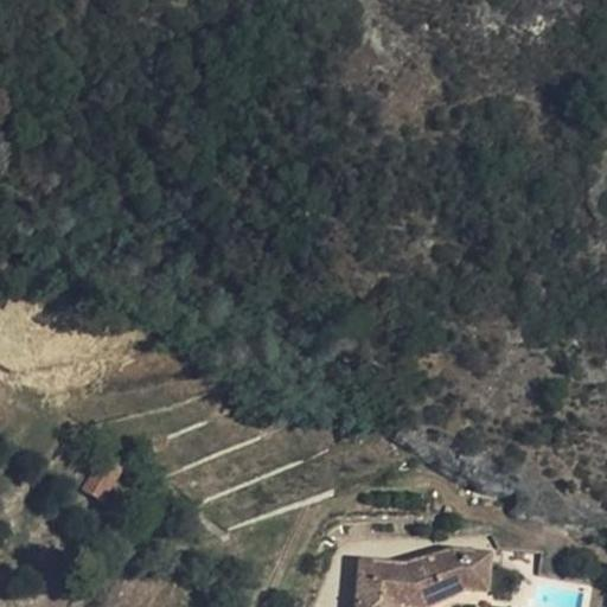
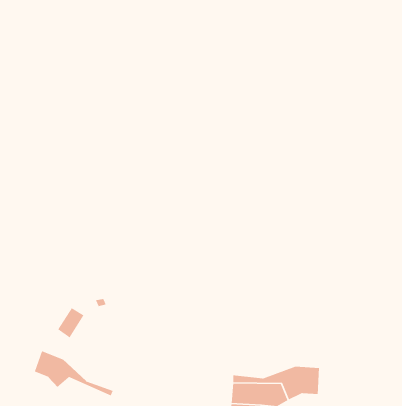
building: none -> [34,350,114,397]

